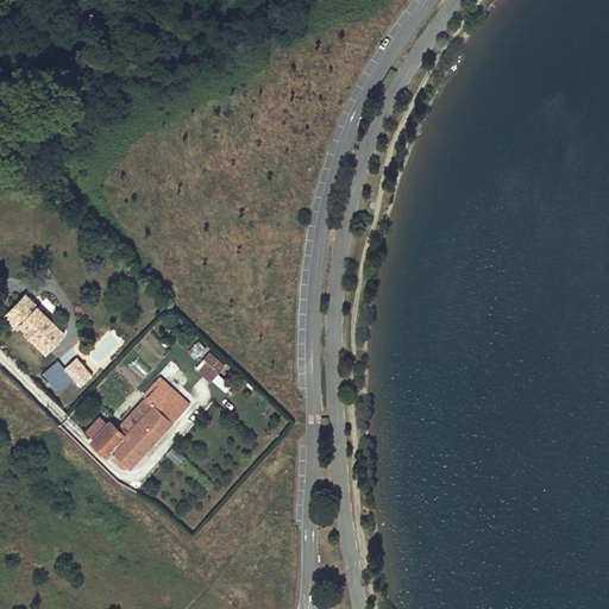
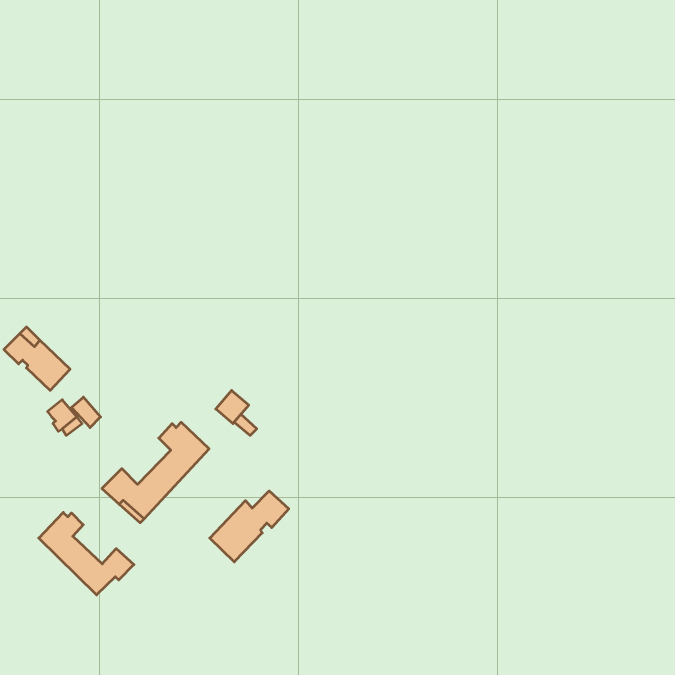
building: none -> [210,491,289,562]
building: none -> [39,512,134,595]

